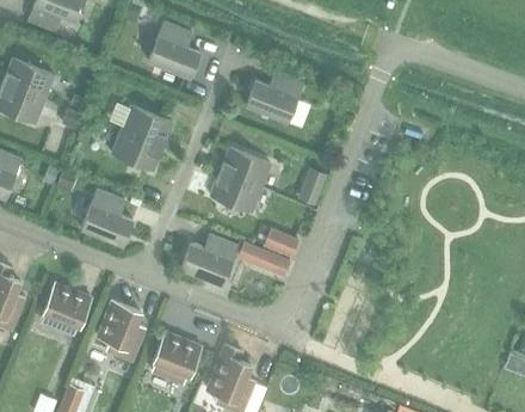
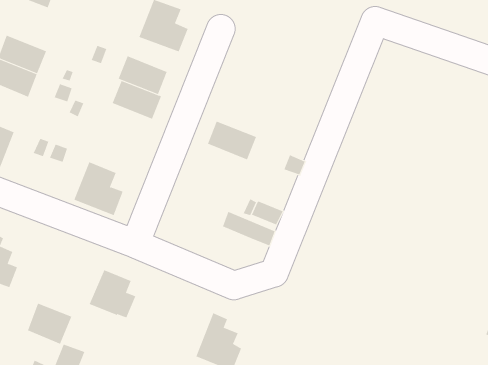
building: [246,70,303,121] -> none
building: [111,129,162,170] -> [118,55,168,95]
building: [209,171,260,211] -> none
building: [180,234,237,284] -> none
building: [43,283,89,326] -> [27,303,72,345]
building: [152,332,199,375] -> none

